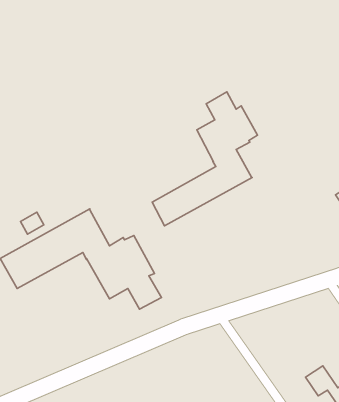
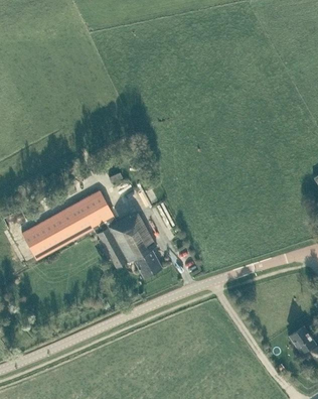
building: [152,92,257,226] -> none

